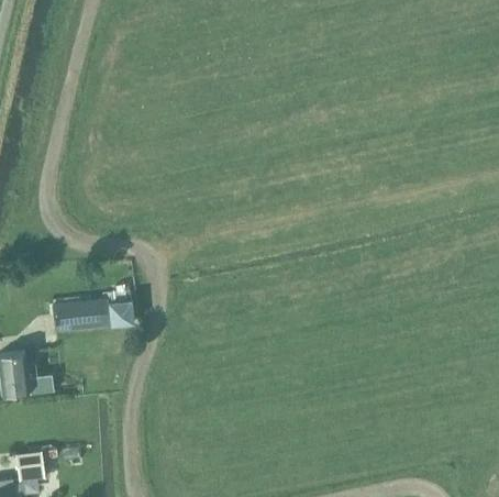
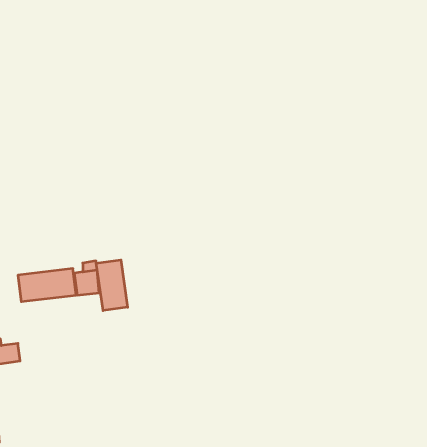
building: none -> [96,260,128,311]

